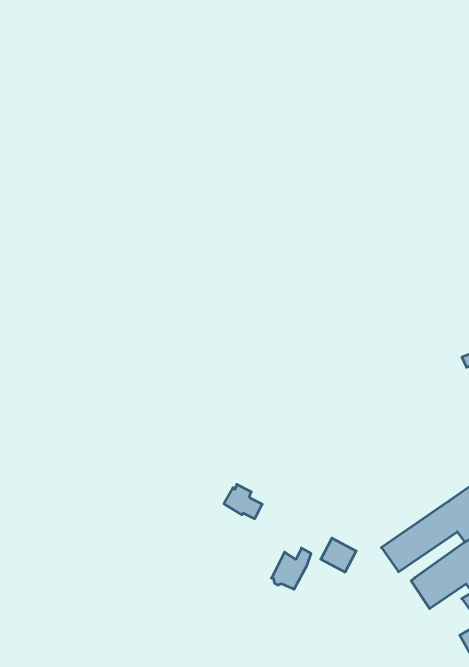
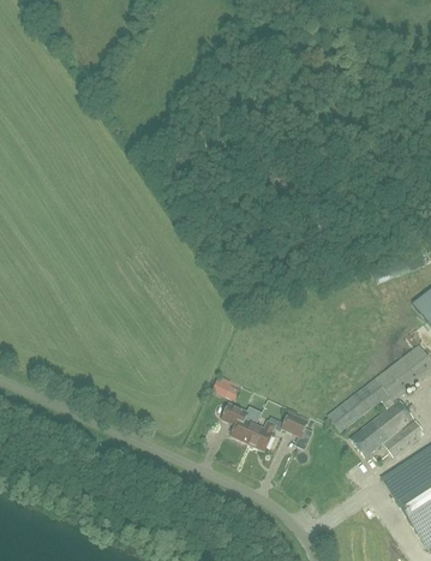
building: none -> [223,402,257,442]

